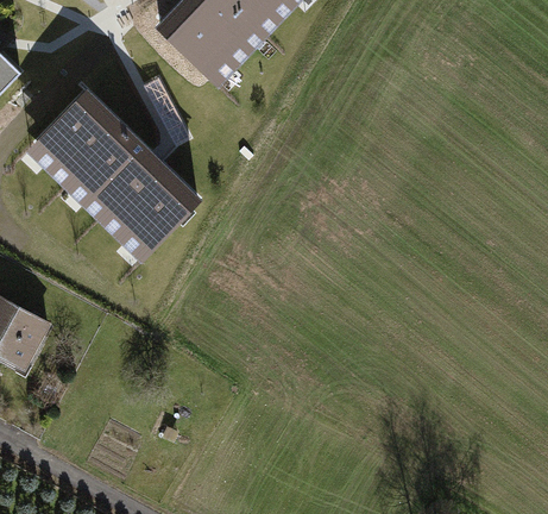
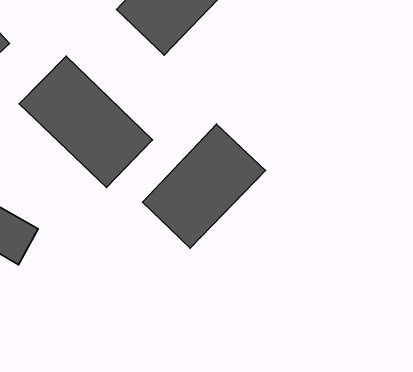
building: none -> [142,124,265,248]

